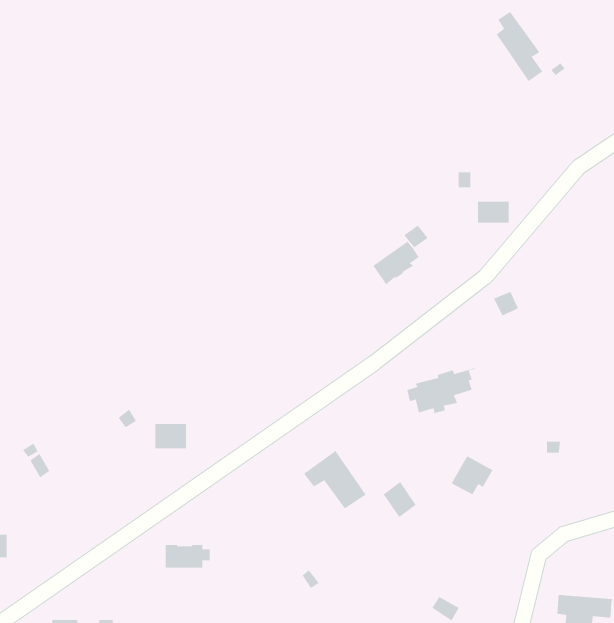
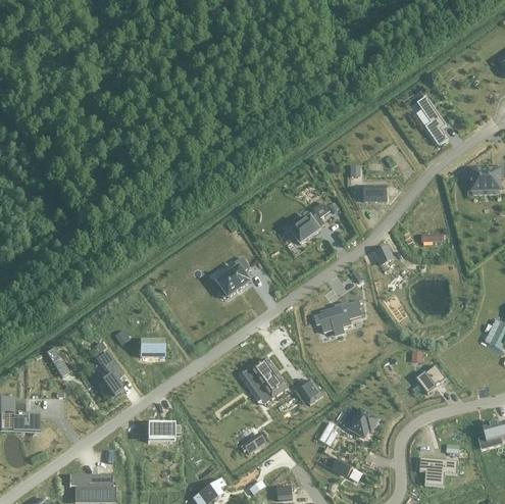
building: [496,11,543,82] -> [415,96,448,145]
building: none -> [216,256,249,297]
building: none -> [95,347,120,394]
building: [451,455,493,495] -> [348,408,377,436]
building: none -> [415,364,445,393]

